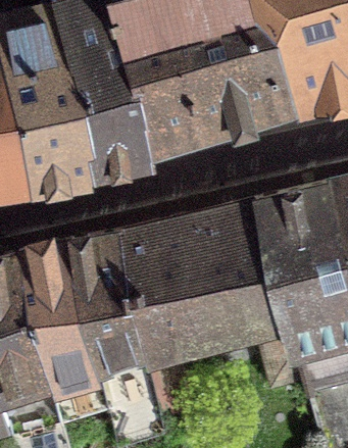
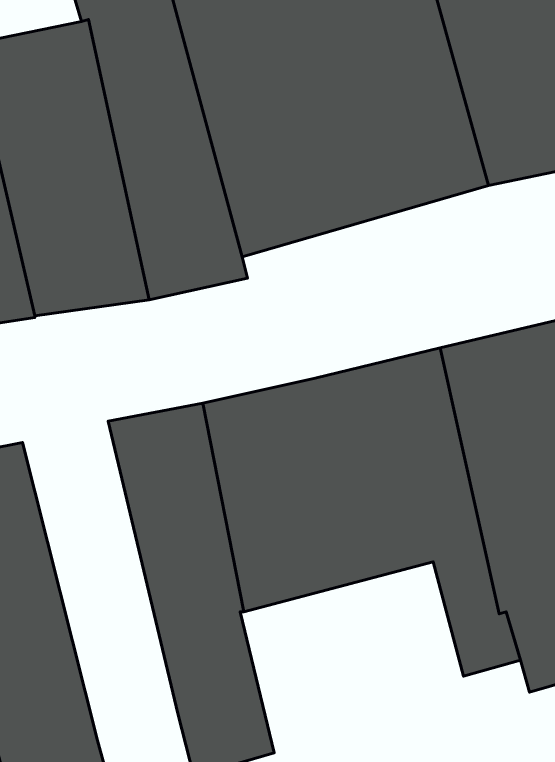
building: [20,243,109,426] -> none

